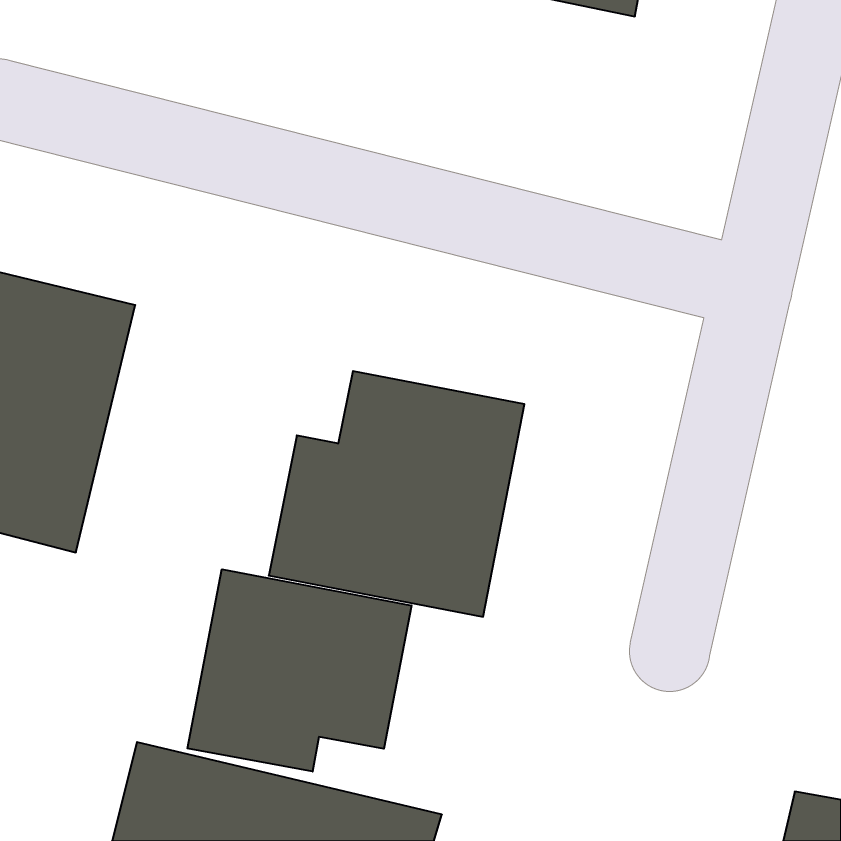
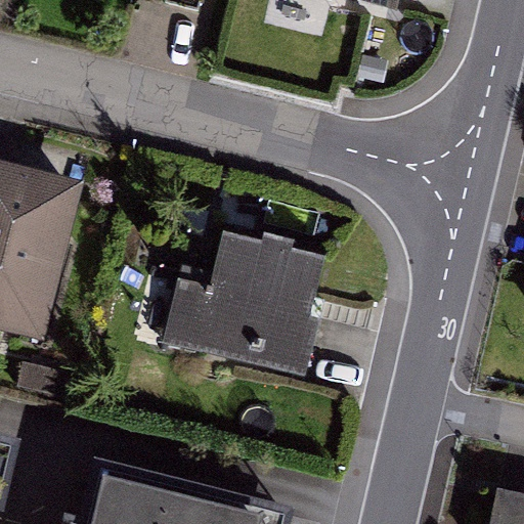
building: [187,569,411,772] -> none

